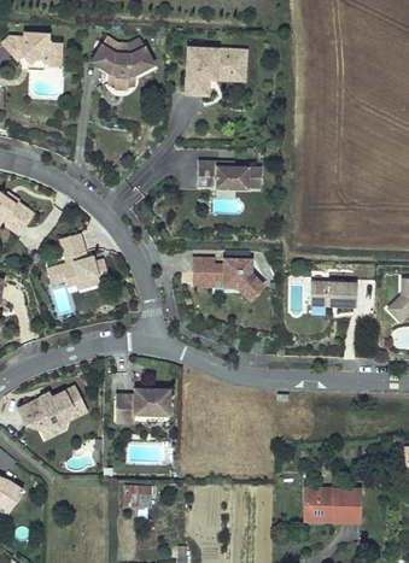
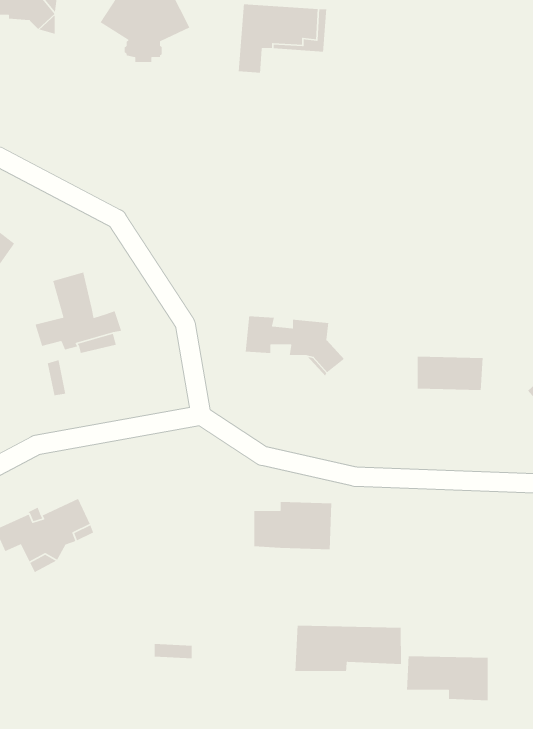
building: [197,160,261,189] -> none
building: [116,386,170,420] -> [253,501,332,550]
building: none -> [295,625,402,672]

